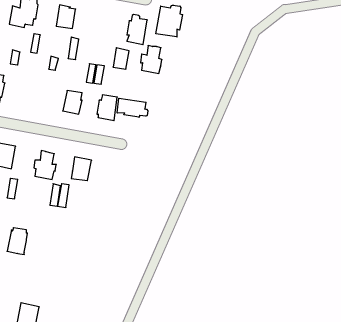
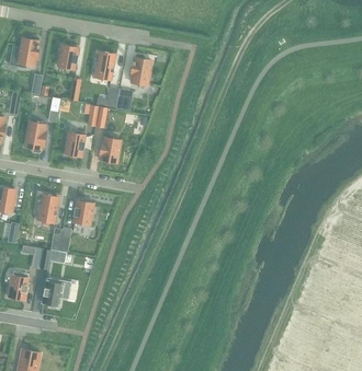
building: [156,5,183,37] -> none
building: [141,46,162,73] -> [92,51,114,80]
building: none -> [25,121,46,153]
building: [117,98,148,117] -> none
building: none -> [38,279,69,311]

